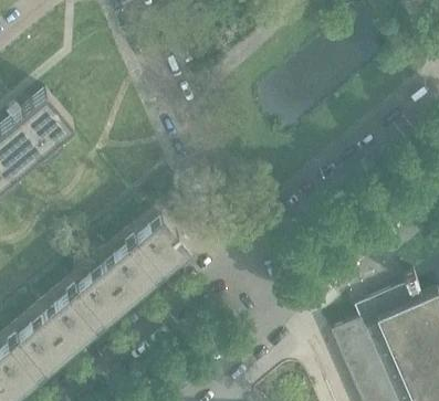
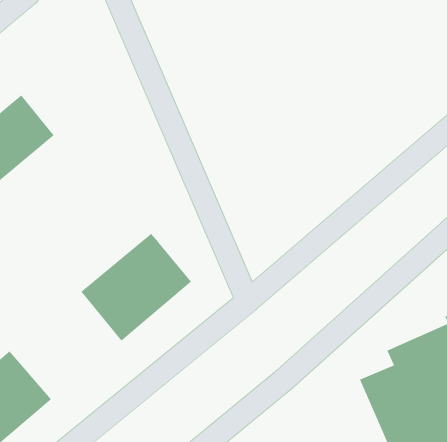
building: [36,260,130,350] -> none

